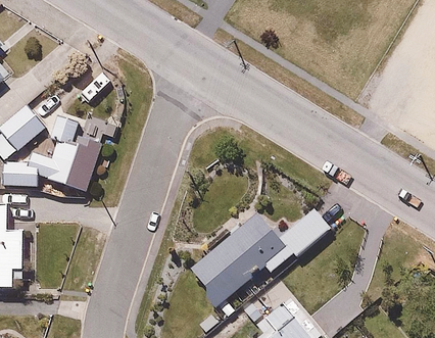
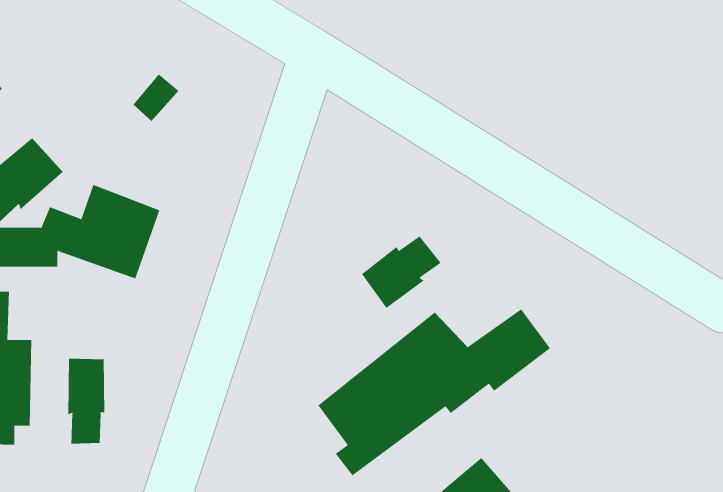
building: none -> [361,236,441,309]
building: none -> [68,358,105,444]

